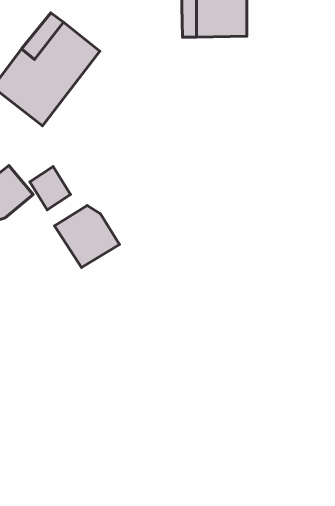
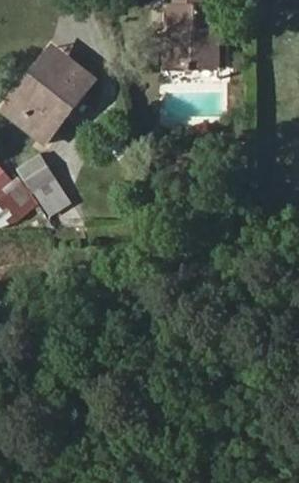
building: none -> [15,153,53,192]
building: [54,205,119,268] -> none

